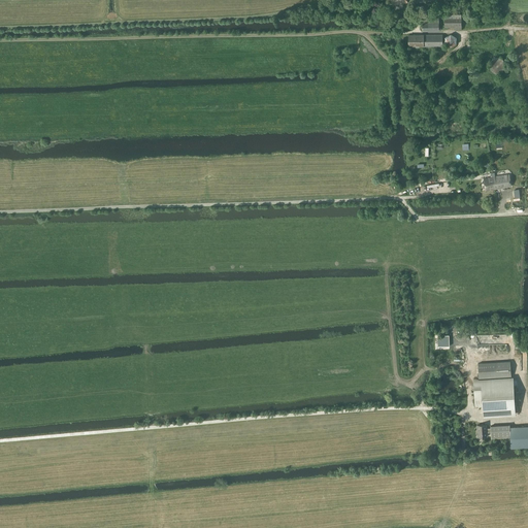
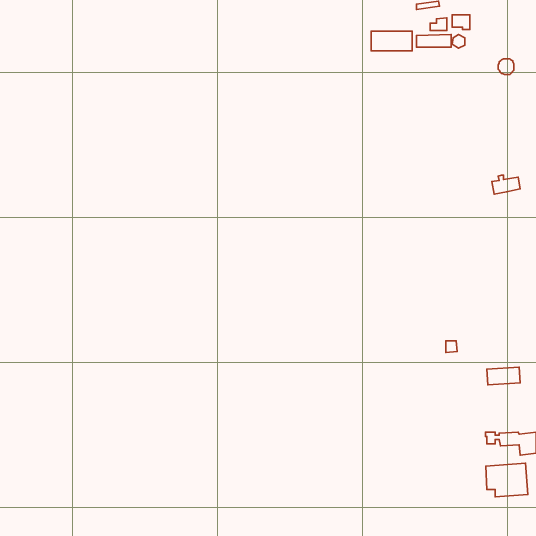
building: none -> [371,31,412,51]
building: [474,381,516,414] -> [486,463,528,497]

